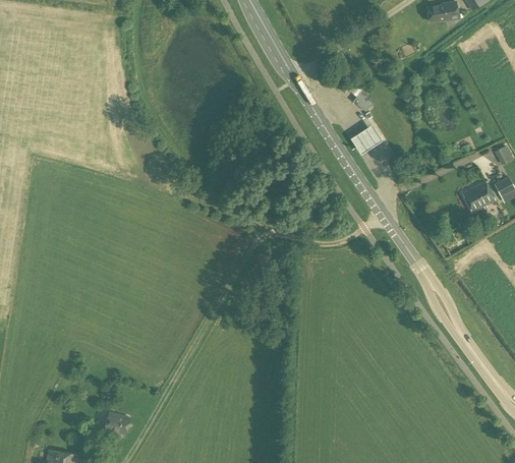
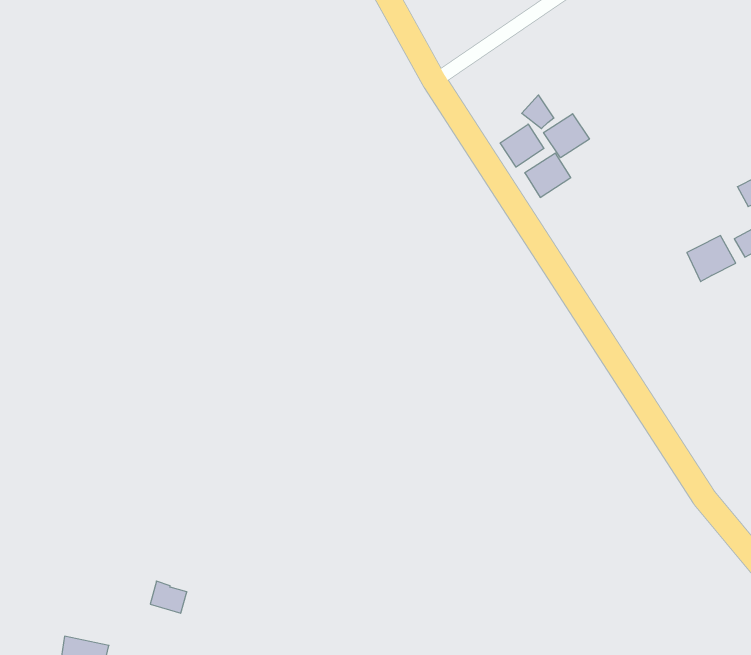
building: none -> [544,114,589,158]
building: none -> [500,124,544,167]

